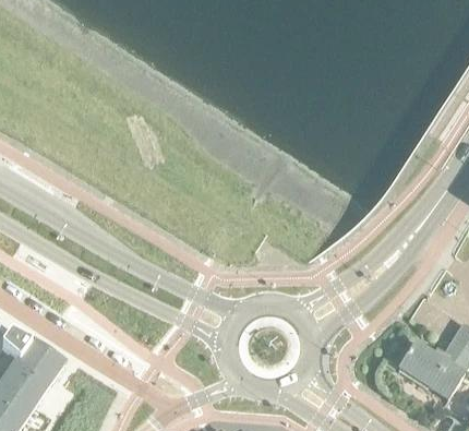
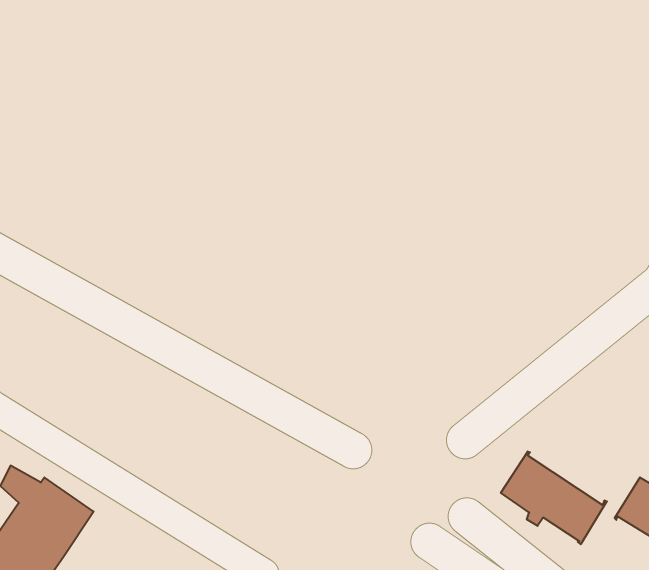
building: none -> [501,451,607,544]

